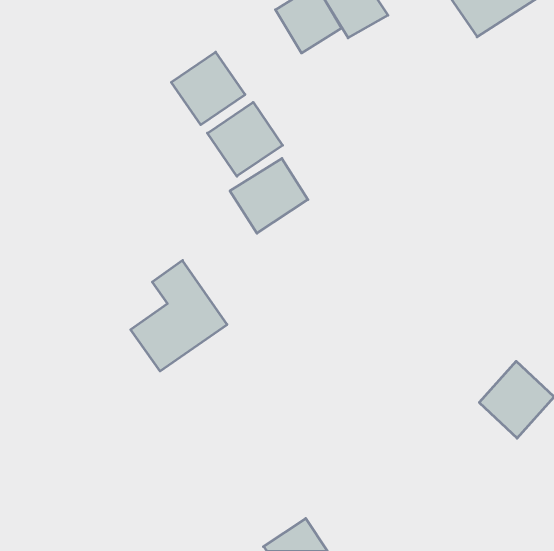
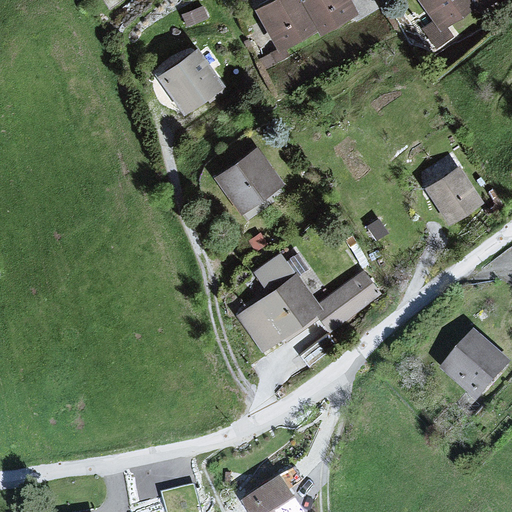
building: [207,102,283,176] -> none
building: none -> [423,165,482,223]
building: [131,260,227,371] -> [234,251,323,353]
building: none -> [325,271,378,321]

